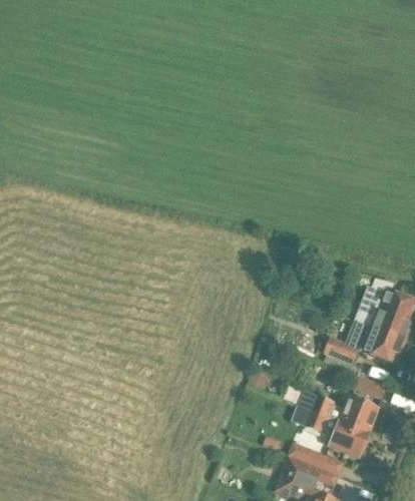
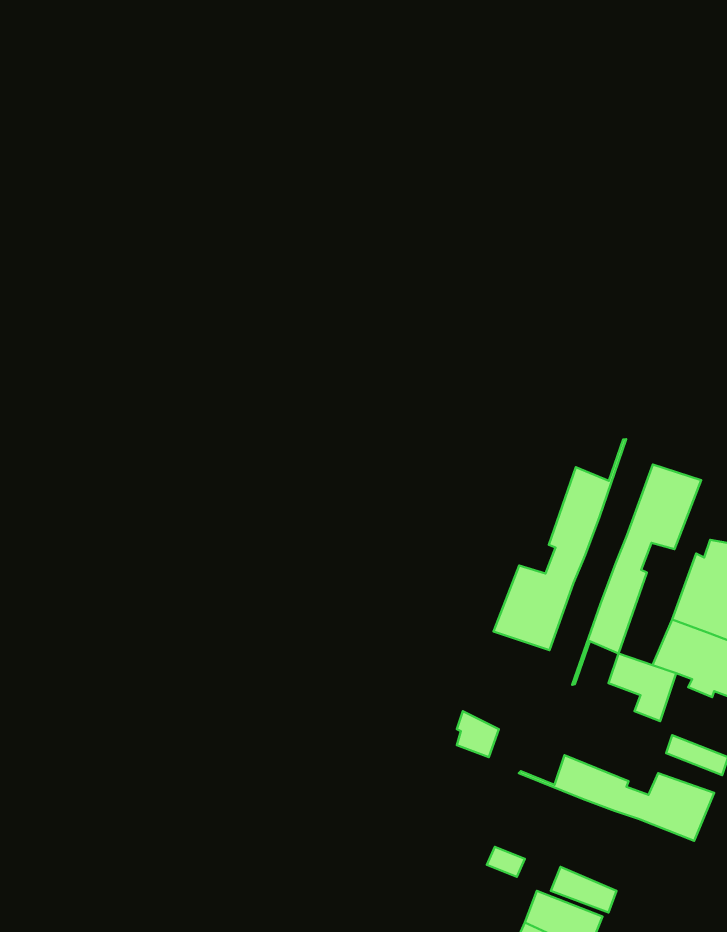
building: none -> [493,439,626,650]
building: none -> [572,465,701,685]
building: [306,411,368,456] -> none

